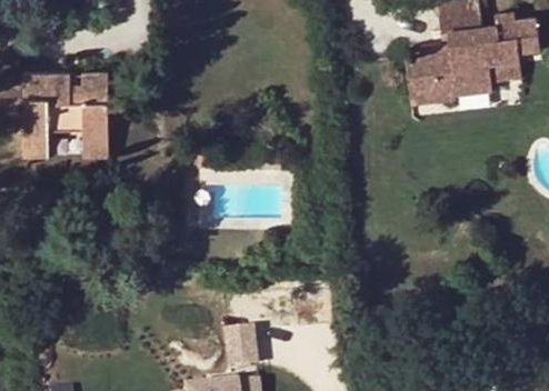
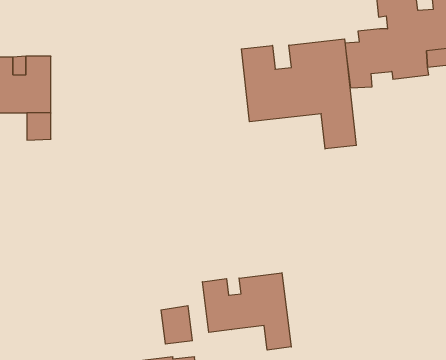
building: none -> [241,39,356,149]
building: none -> [202,273,291,350]

